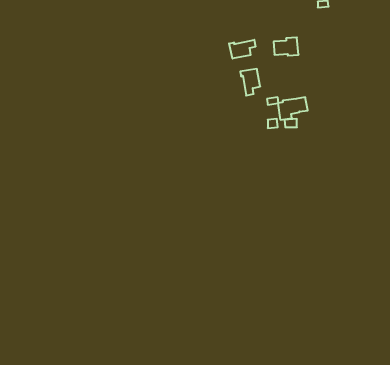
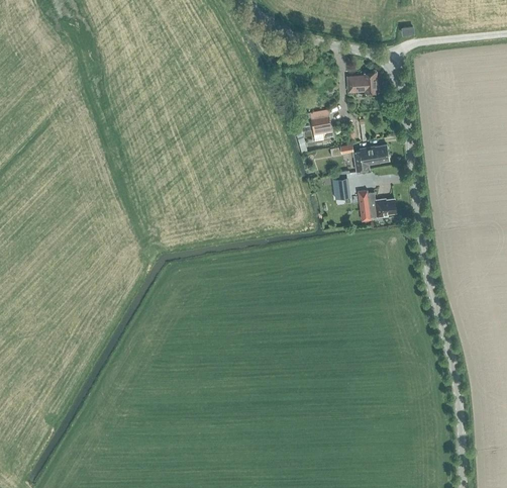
building: [229,40,255,59] -> none
building: none -> [350,191,396,221]

